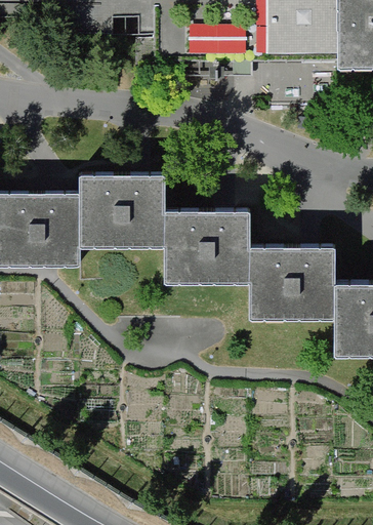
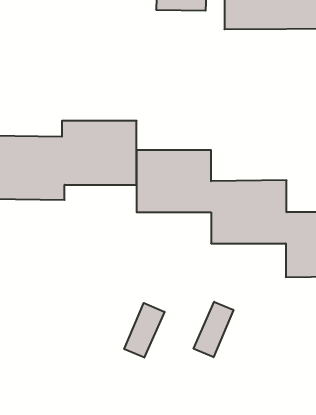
building: none -> [194,302,233,357]
building: none -> [124,303,165,358]

